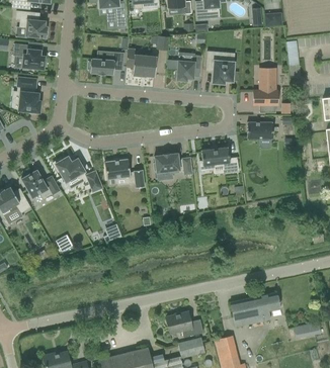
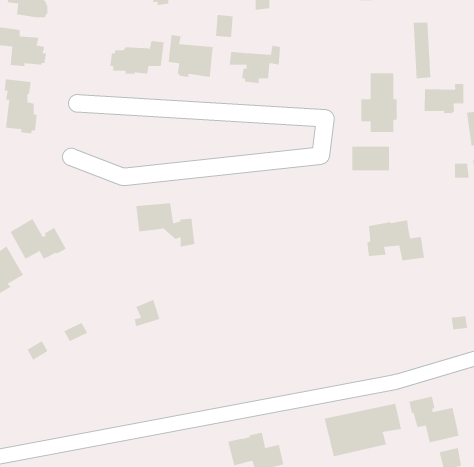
building: [205,52,234,84] -> none
building: none -> [424,83,464,114]
building: [199,147,238,174] -> [367,220,425,261]
building: [153,154,191,175] -> none
building: [52,157,101,192] -> none
building: none -> [409,396,459,443]

